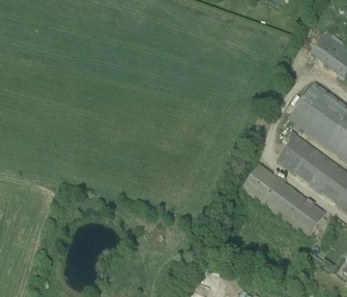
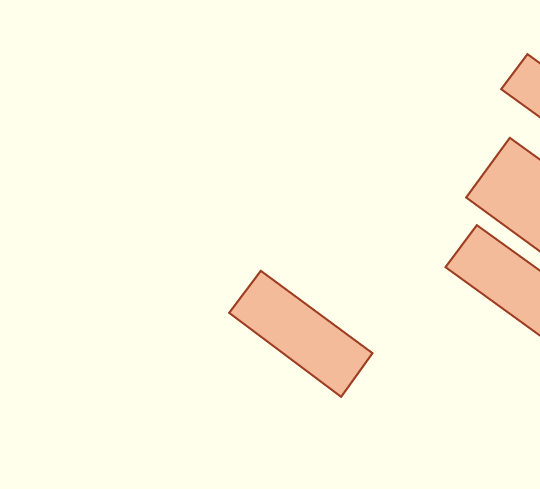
building: [240,164,325,238] -> [229,271,372,397]

